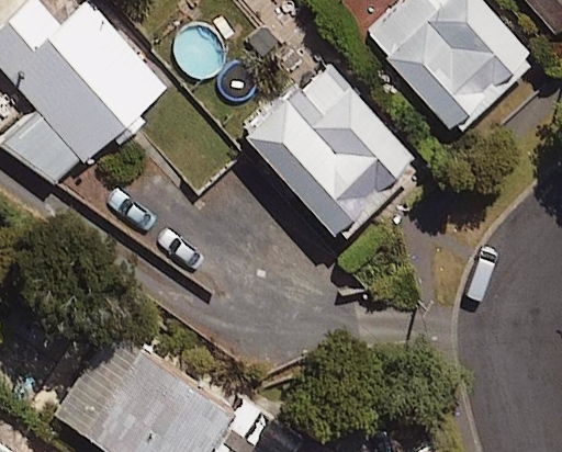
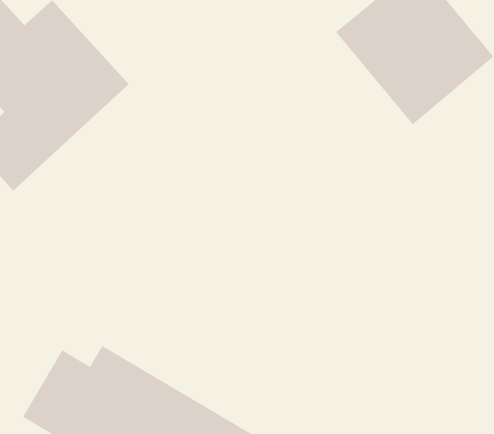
building: [246,64,417,238] -> none

